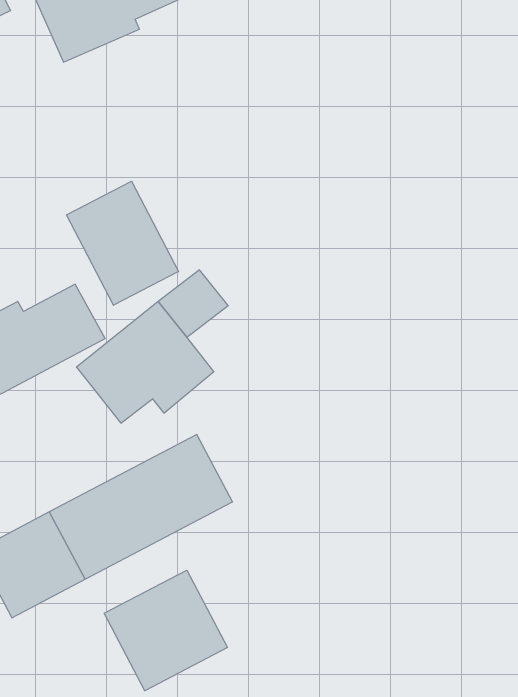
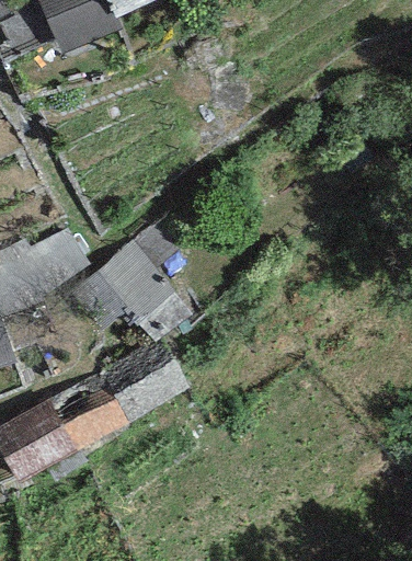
building: [66,181,179,305] -> none
building: [104,570,227,691] -> none

